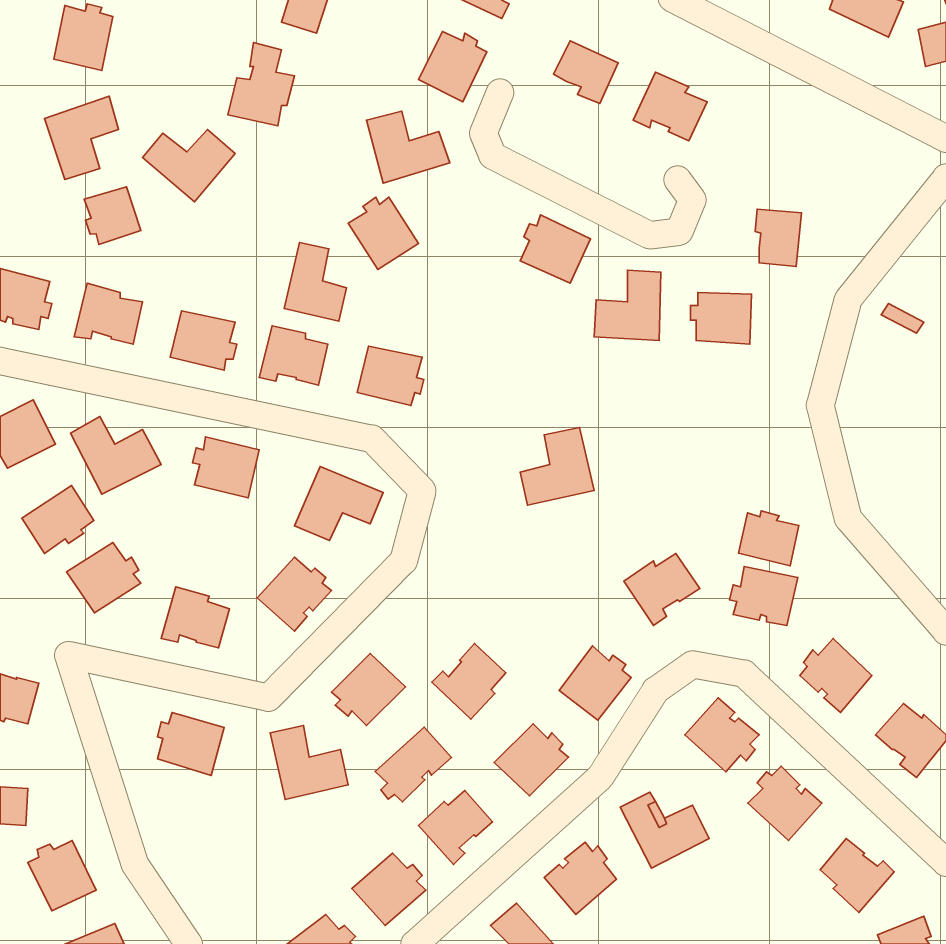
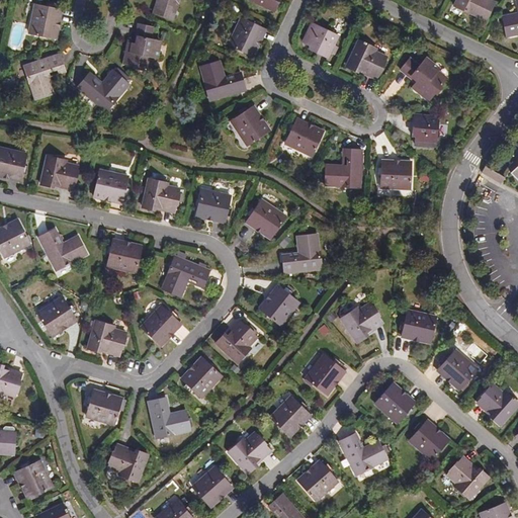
building: none -> [400,58,446,99]
building: [84,187,141,244] -> none
building: [348,197,419,269] -> [231,105,269,145]
building: [284,242,346,321] -> none
building: none -> [246,198,285,238]
building: [22,486,94,553] -> none
building: [738,511,799,566] -> none
building: none -> [259,284,298,325]
building: [432,643,506,719] -> [215,321,256,362]
building: [375,727,451,802] -> none
building: none -> [109,445,149,481]

